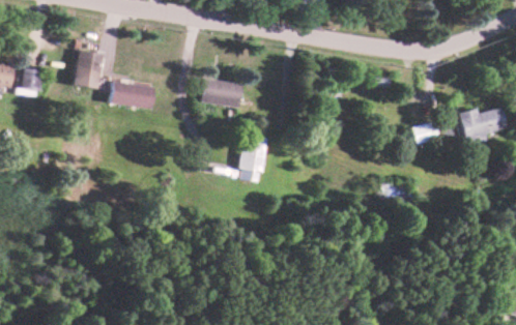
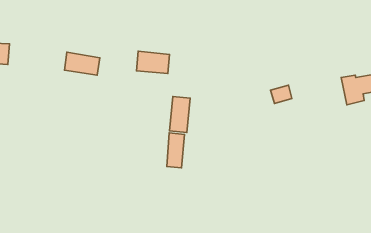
building: [71,50,101,88] -> none
building: [412,121,439,144] -> [270,85,292,103]
building: none -> [167,133,185,168]

